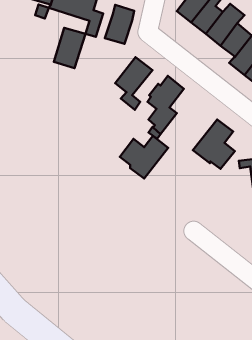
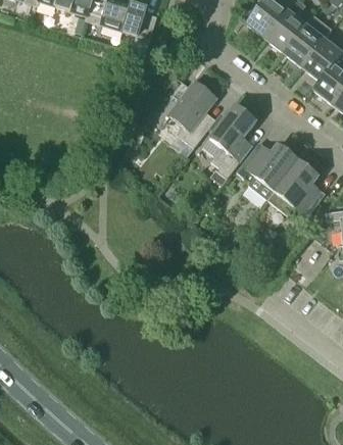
building: [105,5,134,44] -> none
building: [54,28,85,68] -> none
building: [120,136,168,179] -> [237,145,298,199]

